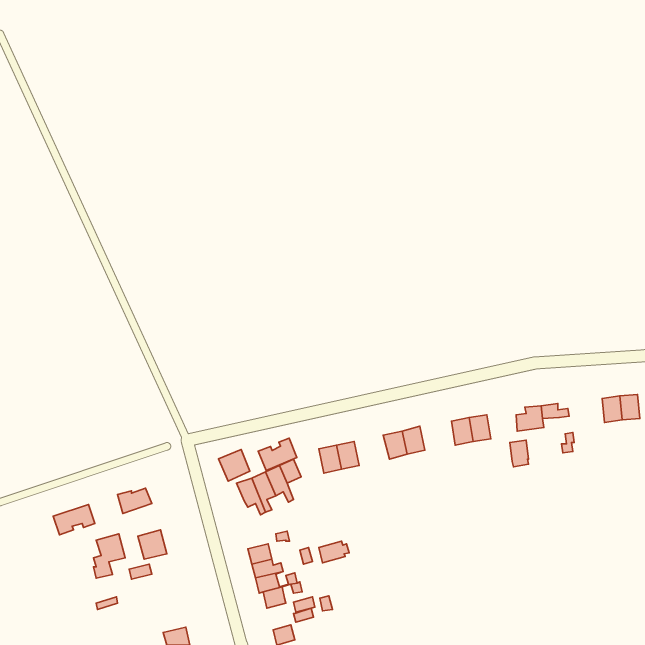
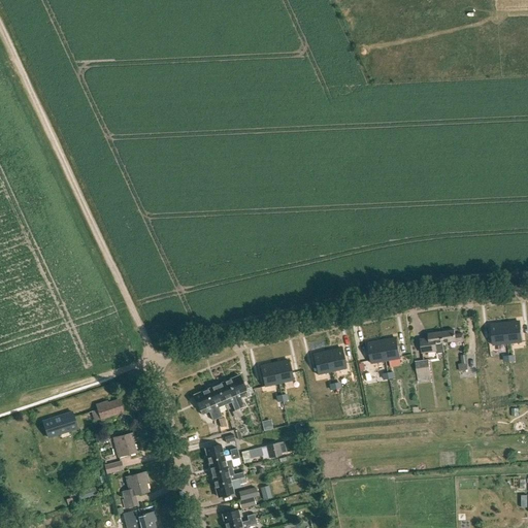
building: [258,438,297,471] -> none
building: [218,450,250,481] -> none
building: [94,534,125,578] -> [124,471,150,507]

